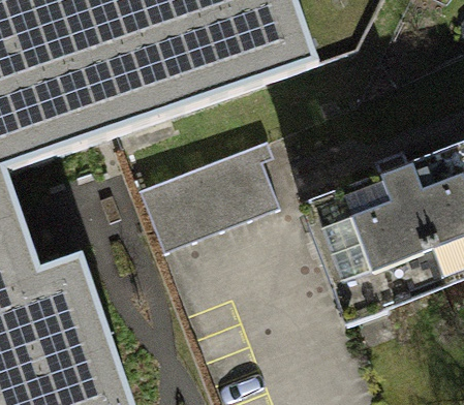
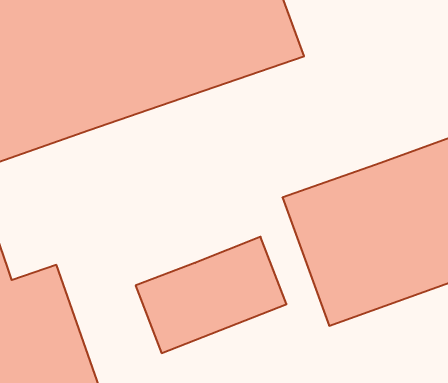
building: [137,141,281,251] -> [136,237,287,353]

